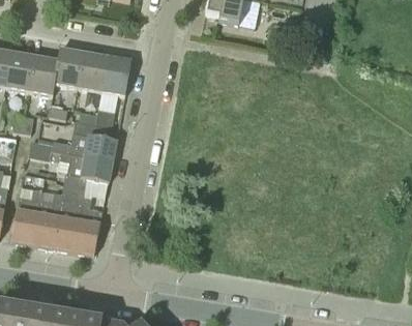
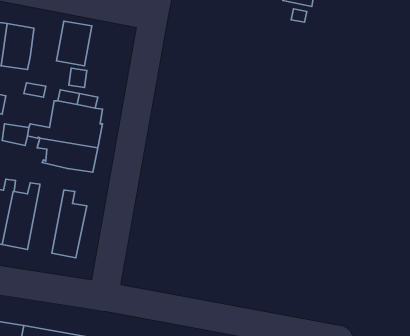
building: [55,49,84,87] -> none
building: [101,57,131,95] -> none
building: [53,174,87,251] -> none

